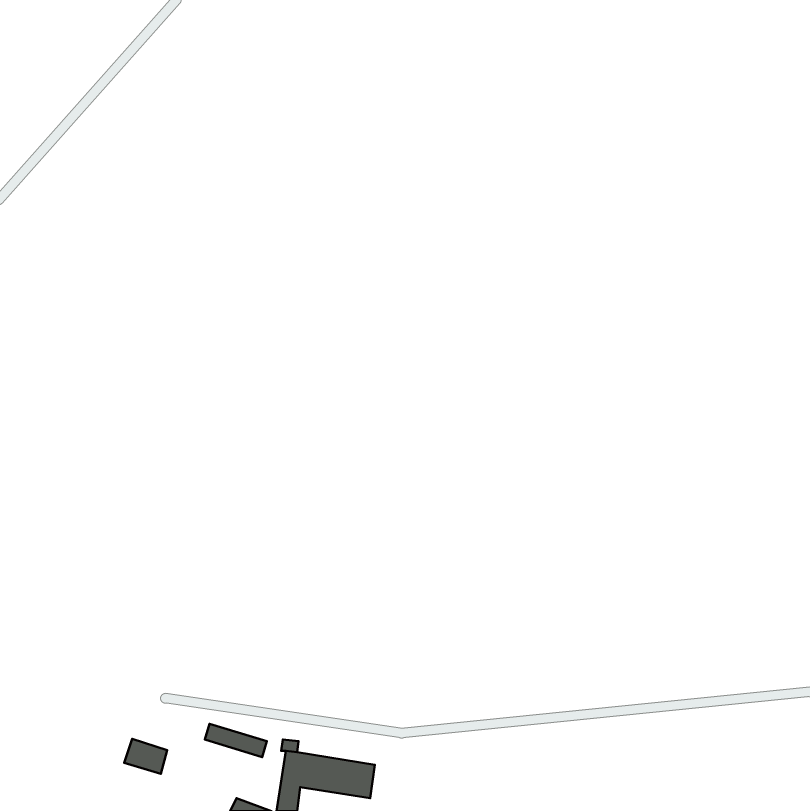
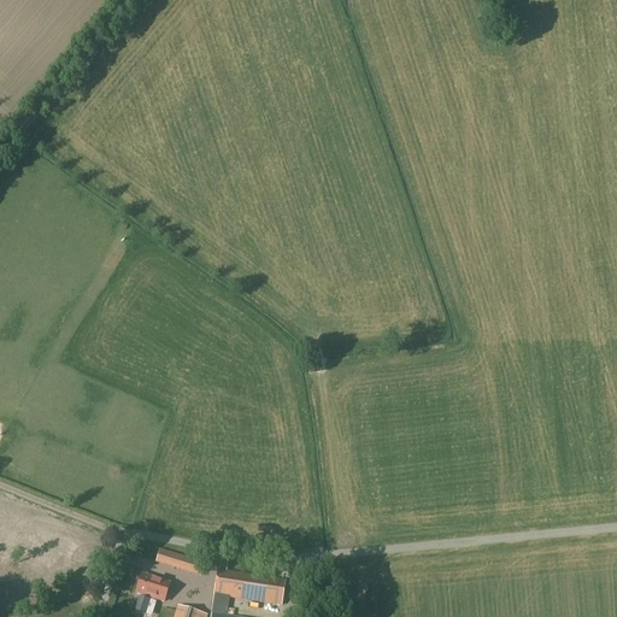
building: [124,739,167,774] -> [135,576,168,603]

